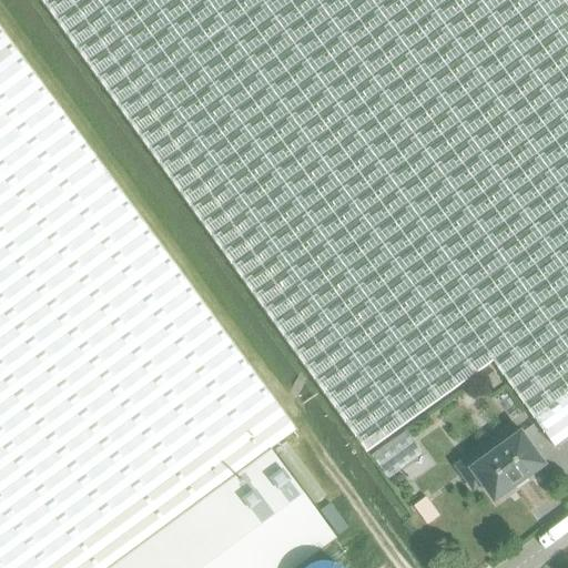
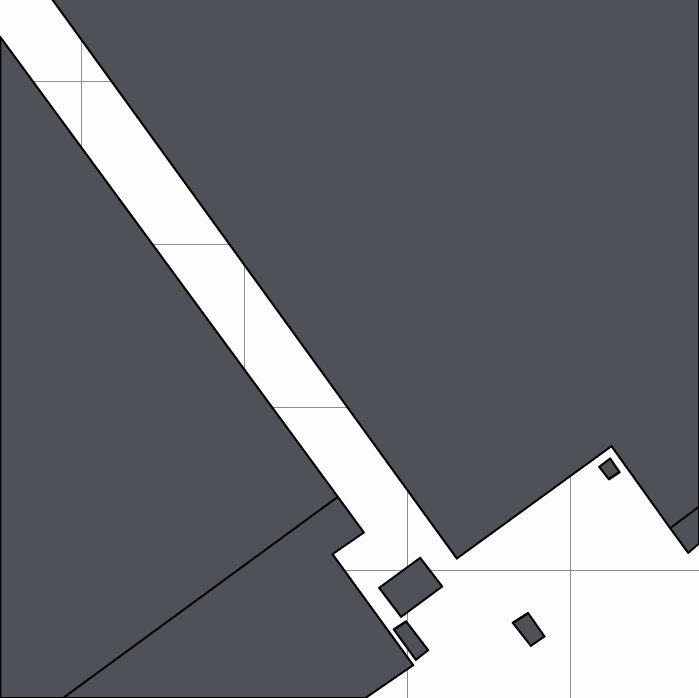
building: [458,428,547,501] -> none
building: [373,430,424,478] -> [379,558,442,617]

